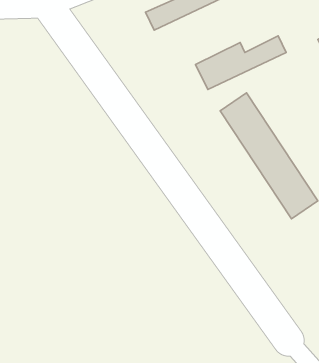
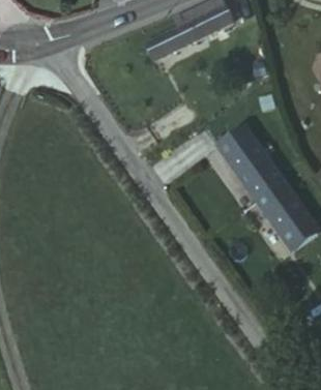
building: [196,36,286,90] -> none

